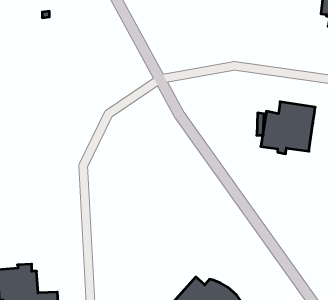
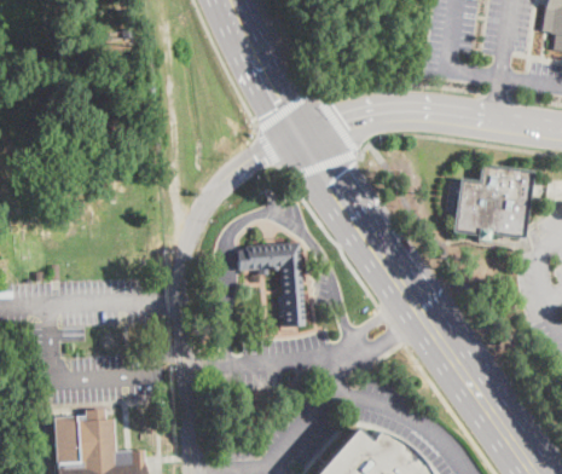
building: none -> [239,241,307,326]

